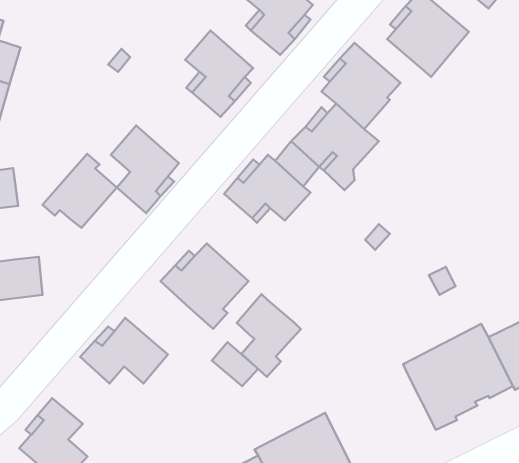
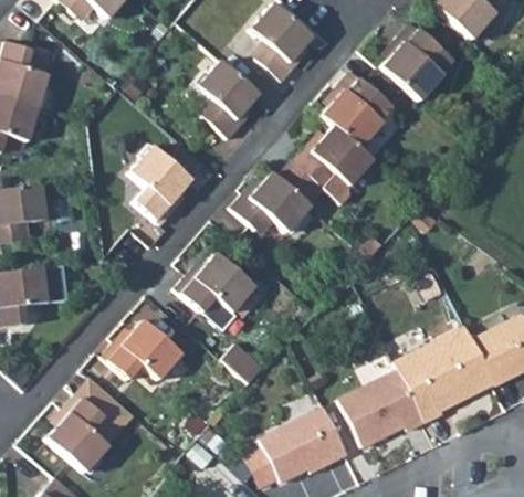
building: [42,154,117,228] -> none
building: [237,294,301,377] -> none
building: none -> [342,369,427,445]
building: none -> [78,376,138,445]

